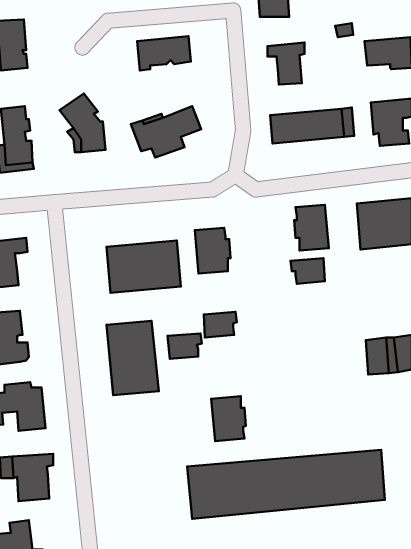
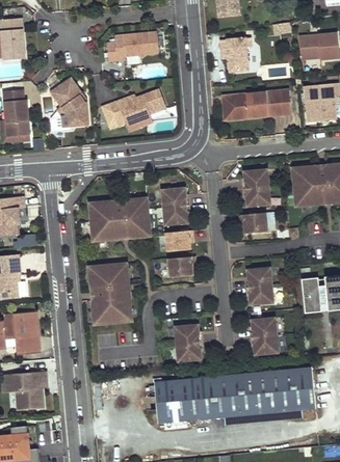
building: none -> [244,268,272,305]
building: [167,333,202,359] -> [164,230,192,251]
building: none -> [249,318,278,355]

